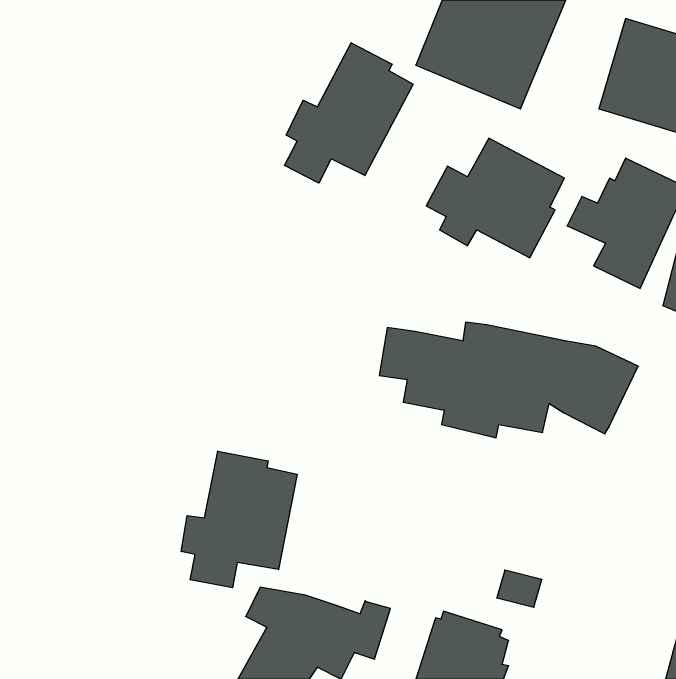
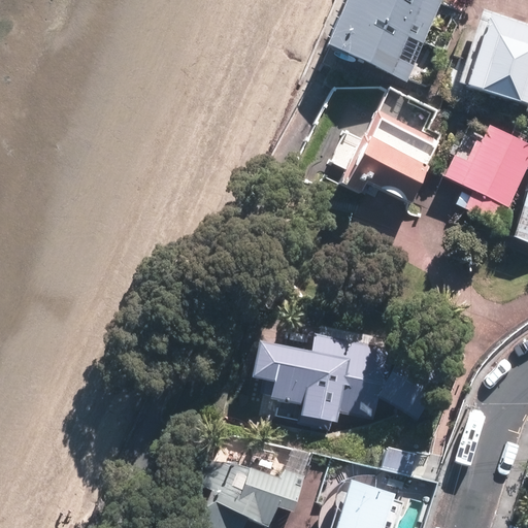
building: [284,43,413,183] -> none
building: [379,322,638,438] -> [250,334,451,424]
building: [181,451,297,588] -> none

